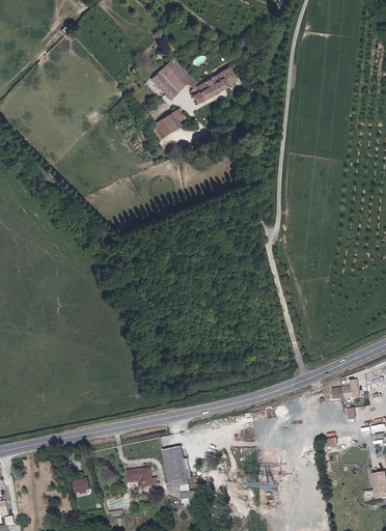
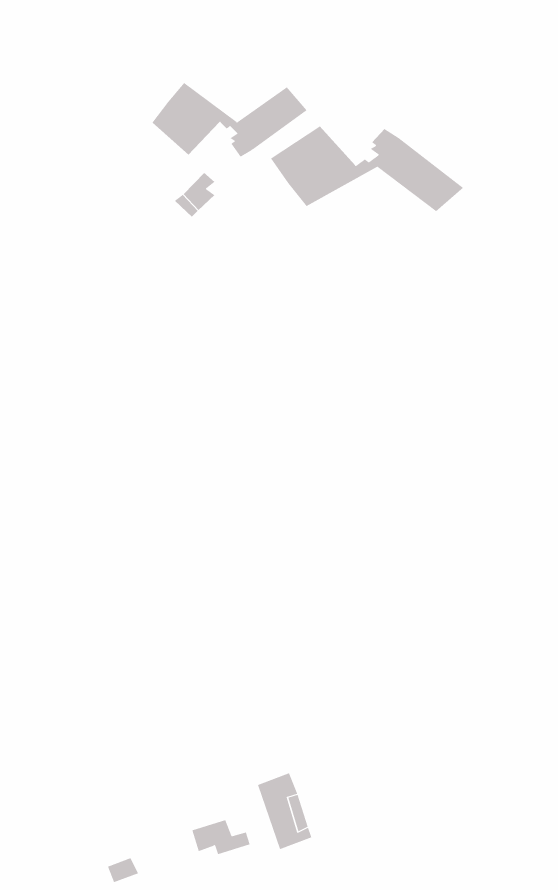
building: none -> [270,125,464,212]

